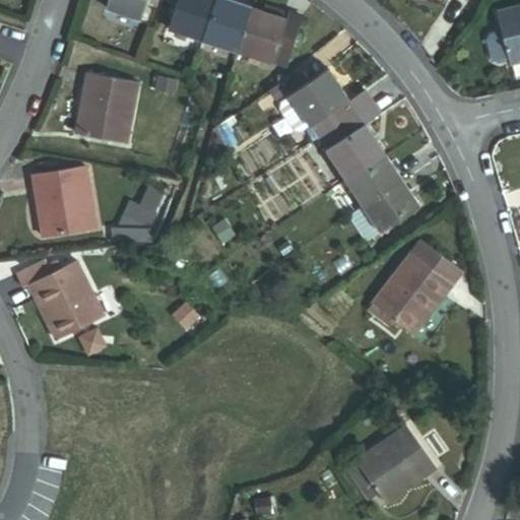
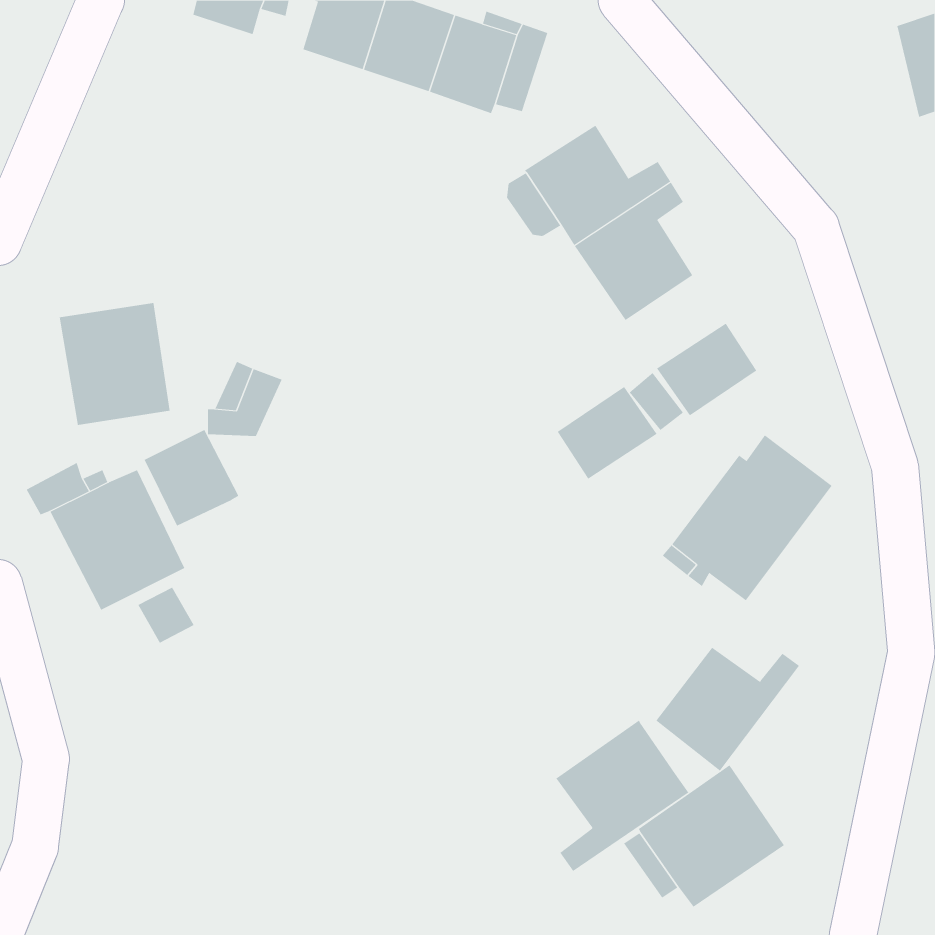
building: [75,73,137,144] -> none
building: [346,153,402,205] -> [557,386,658,480]
building: none -> [144,429,239,527]
building: none -> [655,647,800,771]
building: none -> [555,720,689,872]

